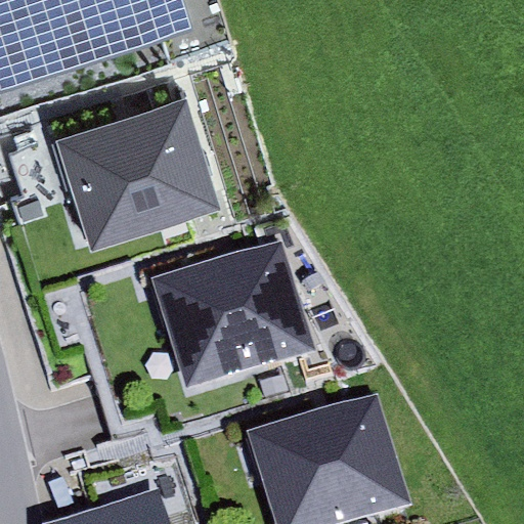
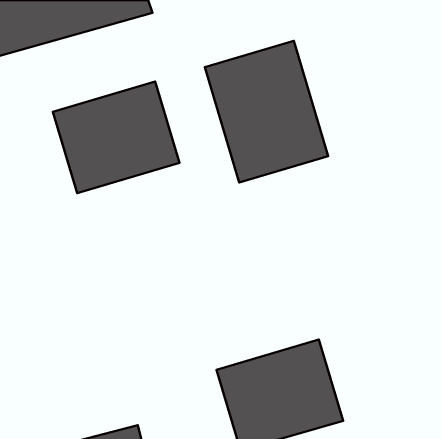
building: none -> [205,41,328,183]
building: [158,251,307,383] -> none

